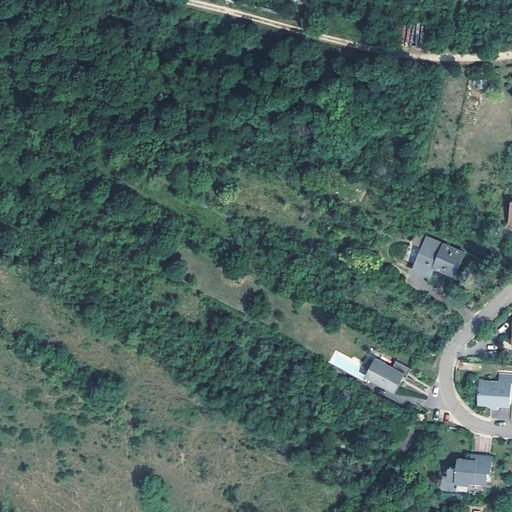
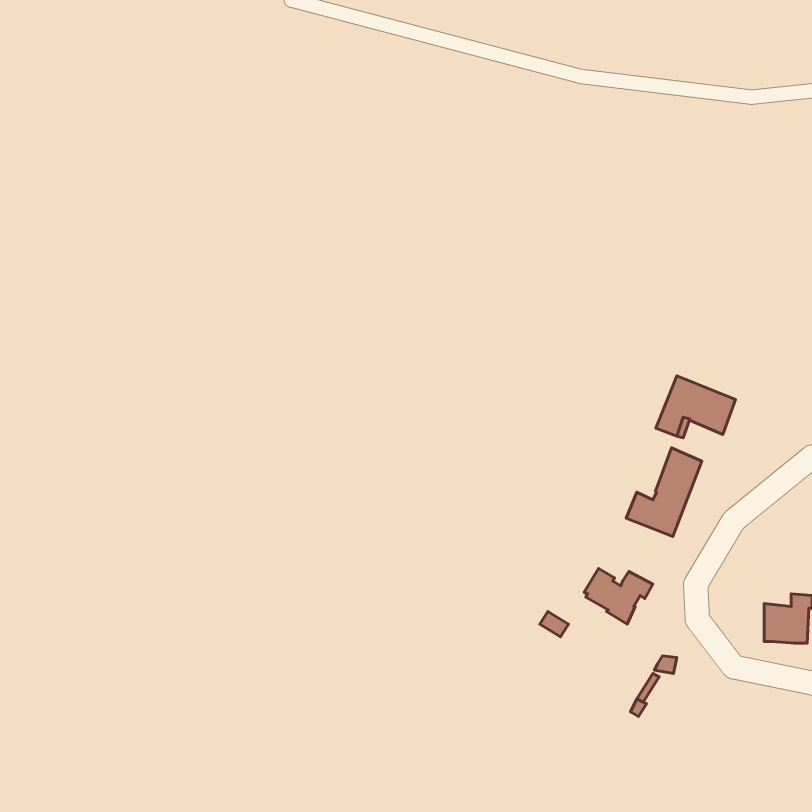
building: none -> [626,448,702,537]
building: [446,455,489,484] -> none

